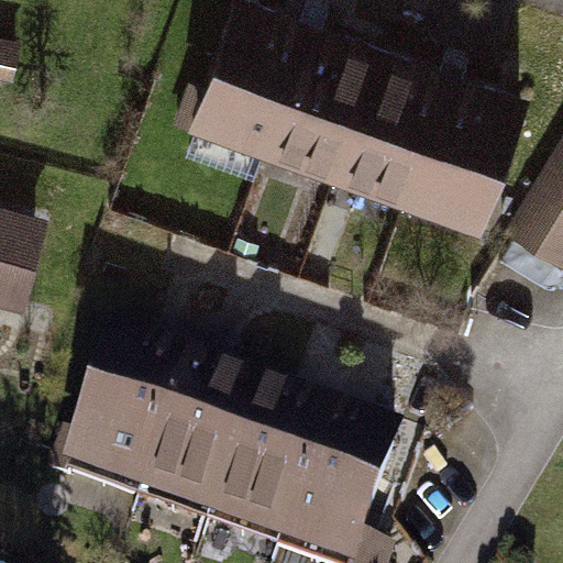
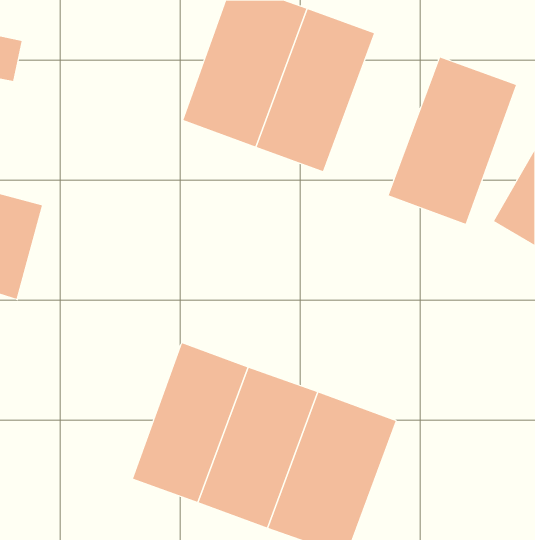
building: [331,43,450,209] -> none
building: [67,335,186,499] -> none

